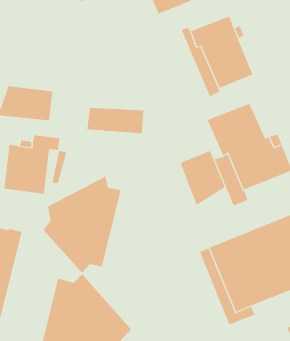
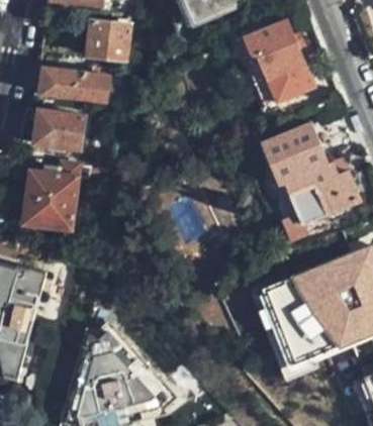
building: none -> [91,16,130,52]
building: [87,108,144,134] -> [40,69,107,99]
building: [180,150,225,206] -> none
building: [43,175,121,274] -> none

